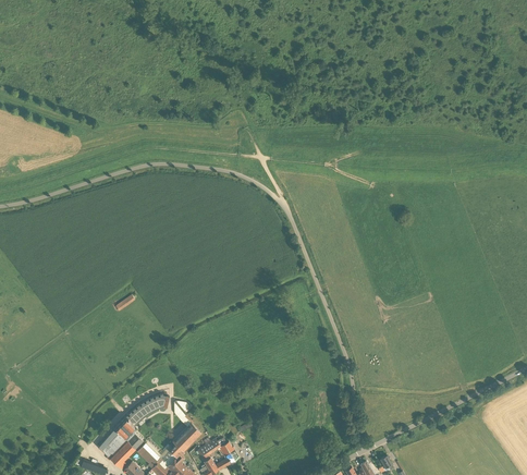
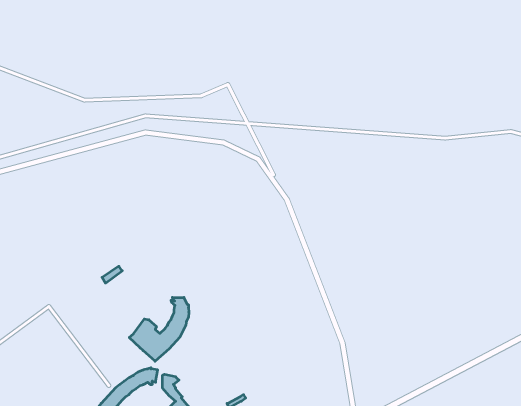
building: none -> [129,297,189,361]

